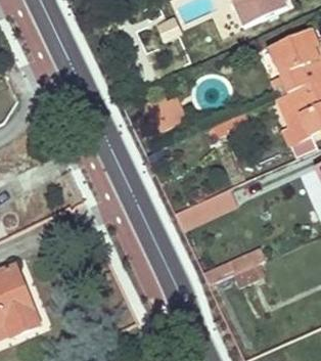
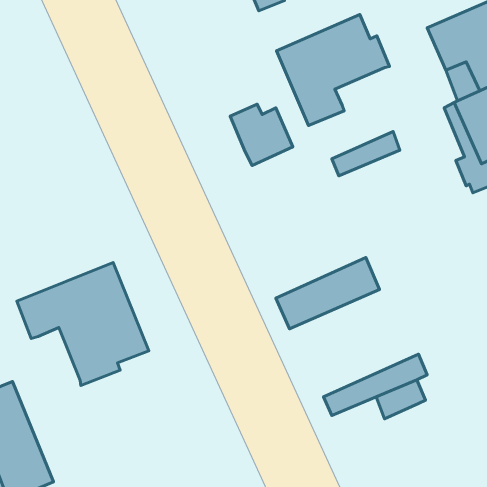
building: none -> [276,14,390,125]
building: none -> [17,262,149,386]

